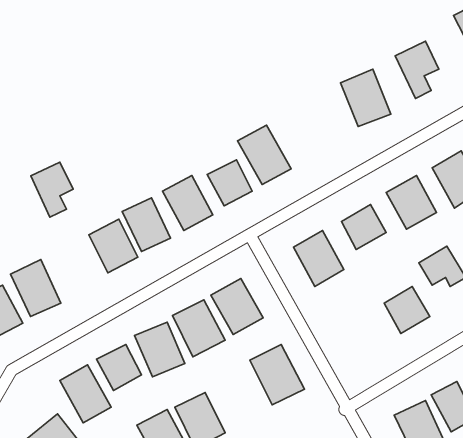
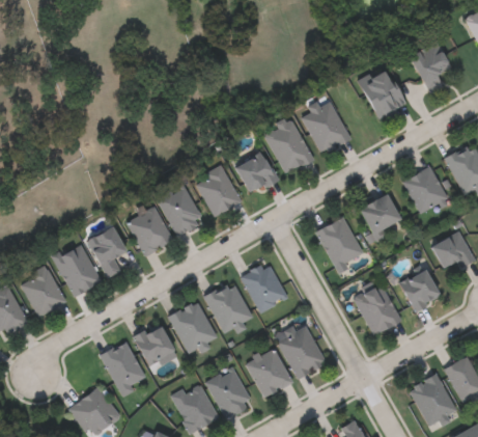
building: none -> [303,99,349,154]
building: [31,162,73,217] -> [88,227,128,278]
building: none -> [355,284,401,336]
building: none -> [246,348,292,398]

